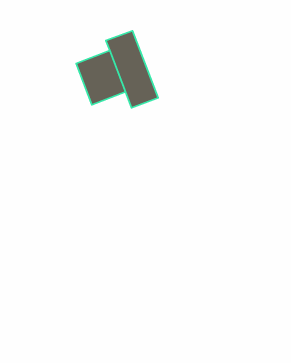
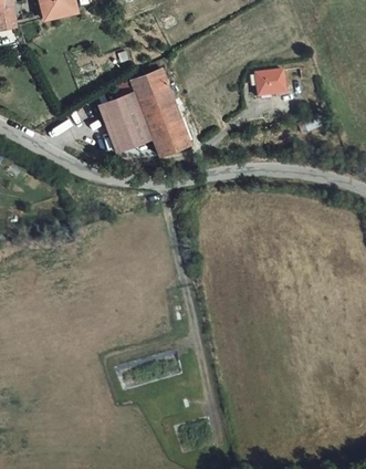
building: none -> [254,70,285,96]

